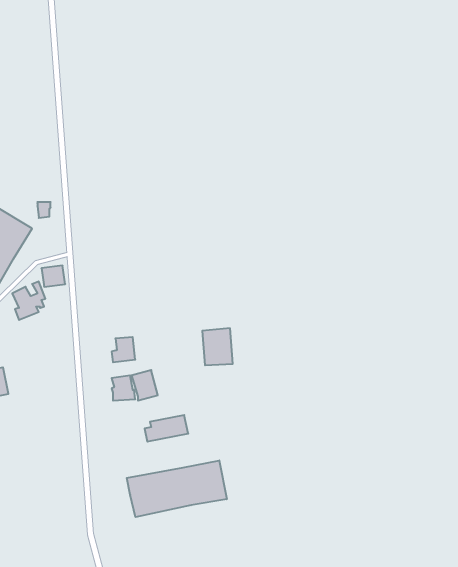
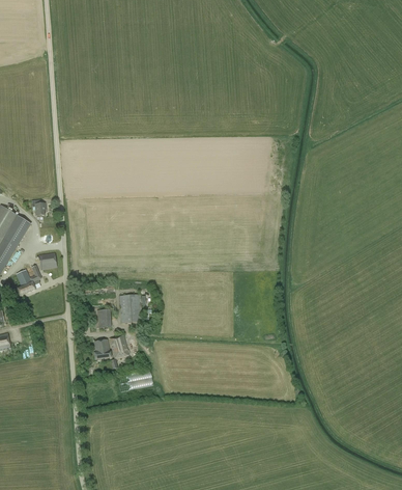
building: [202,328,233,365] -> [118,293,142,322]
building: [127,460,227,517] -> none

